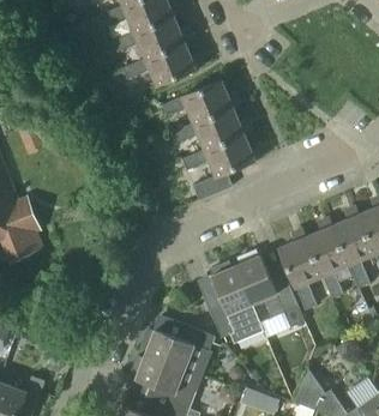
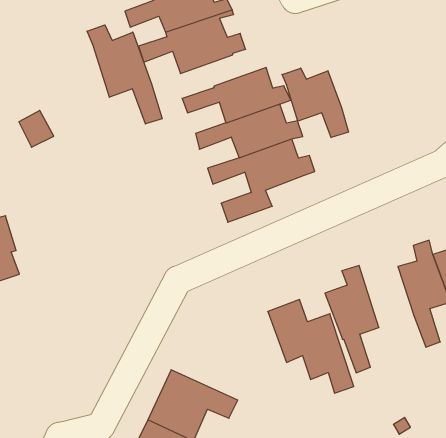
building: none -> [87,25,162,124]
building: none -> [282,68,348,138]
building: [306,216,347,300] -> none
building: [204,267,251,338] -> none

